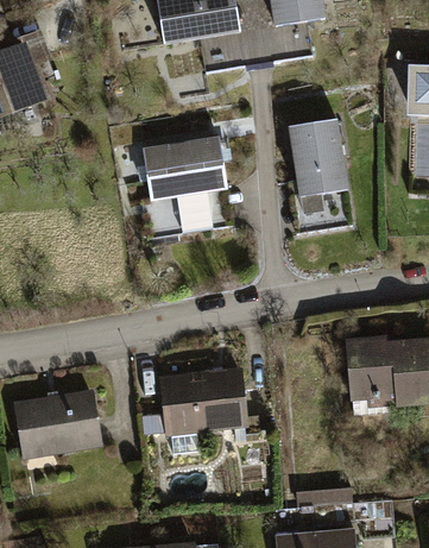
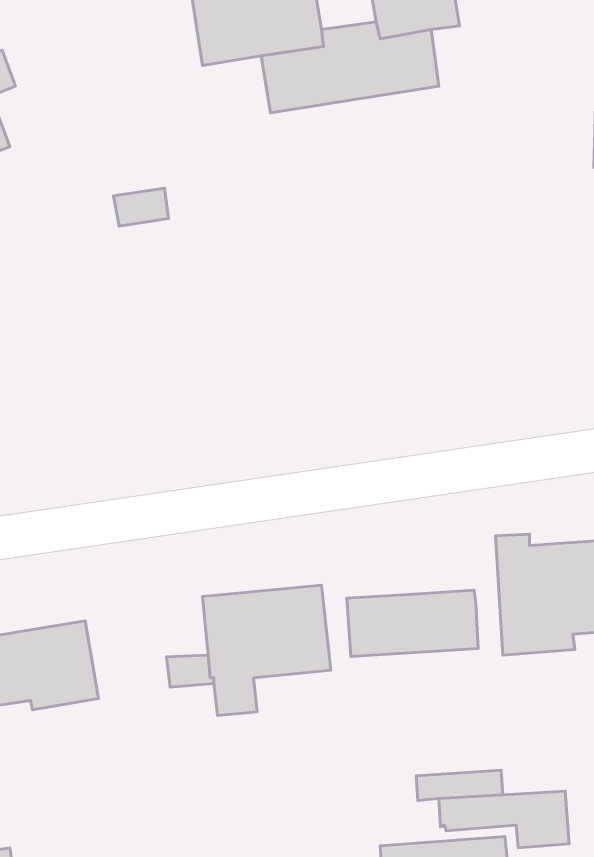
building: [290,119,353,231] -> none
building: [141,137,227,238] -> none
building: none -> [347,590,478,657]

